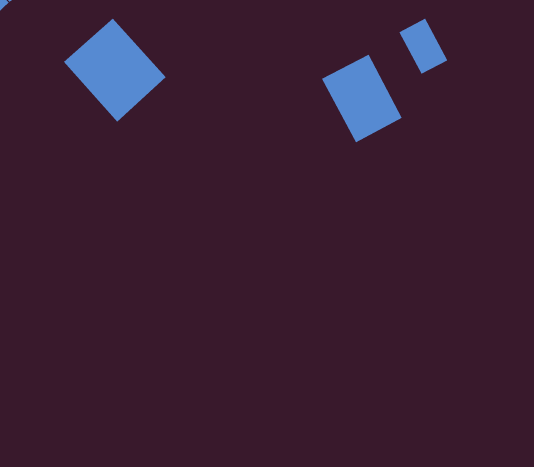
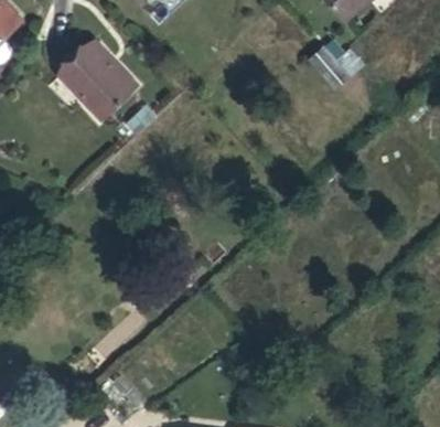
building: [321,54,402,143] -> none

